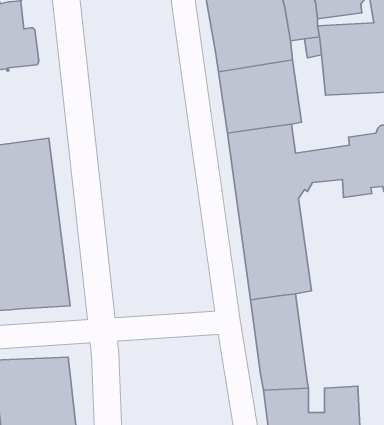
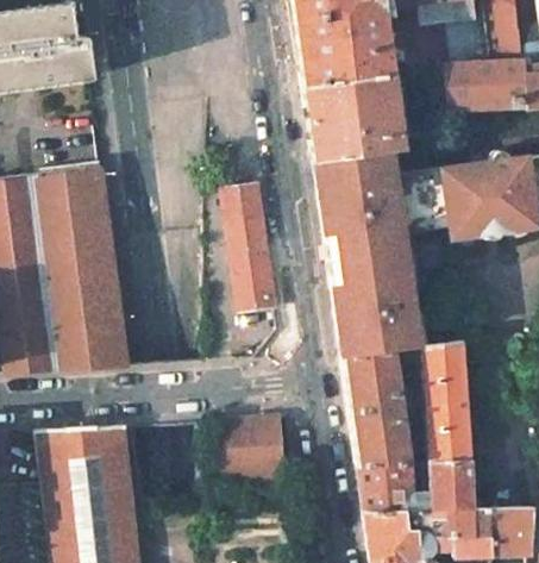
building: none -> [223,182,276,312]
building: none -> [421,340,470,462]
building: none -> [218,415,284,486]

